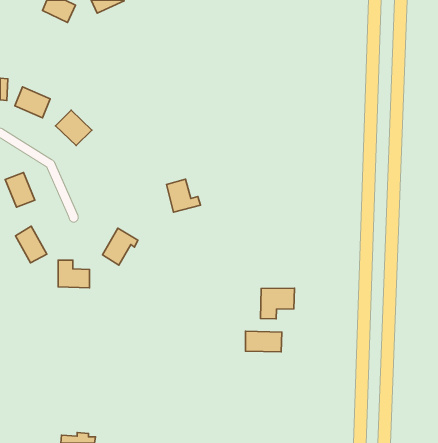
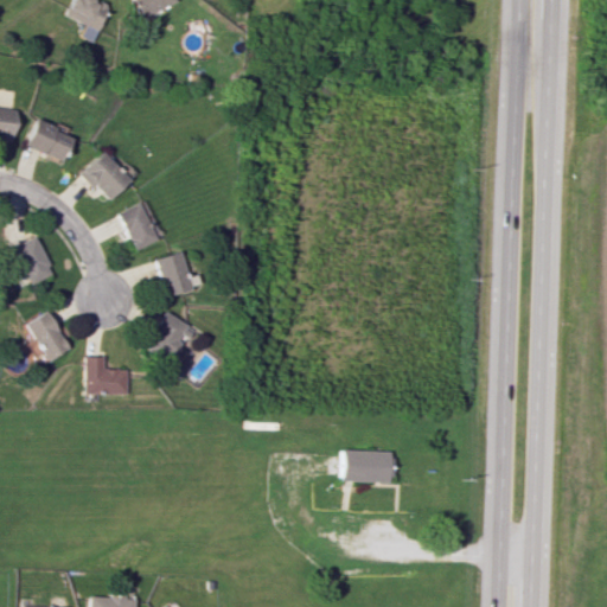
building: none -> [119,202,158,249]
building: [167,179,200,212] -> [156,250,203,295]
building: [260,288,294,319] -> none

